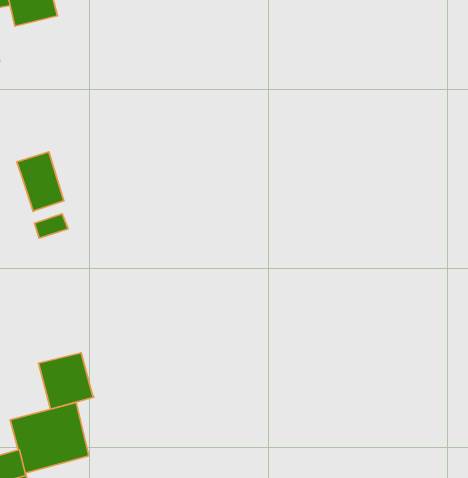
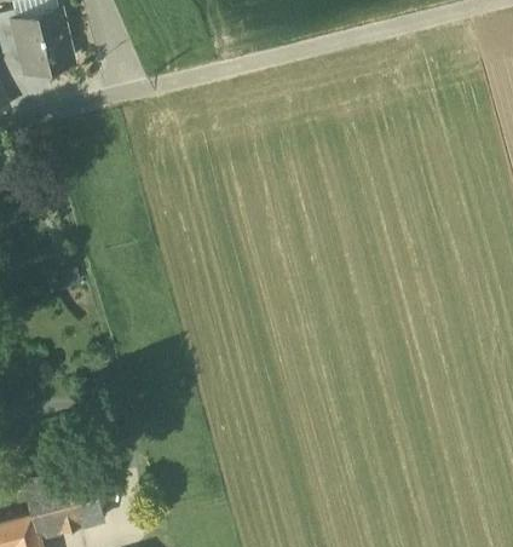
building: [17,152,64,212] -> none
building: [39,353,94,409] -> none

